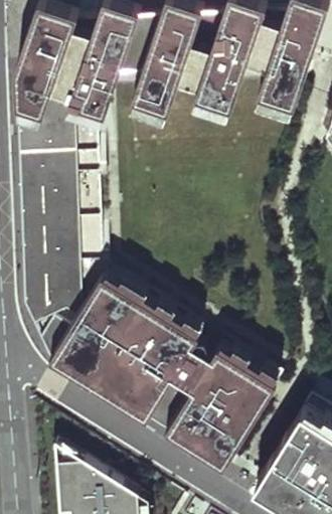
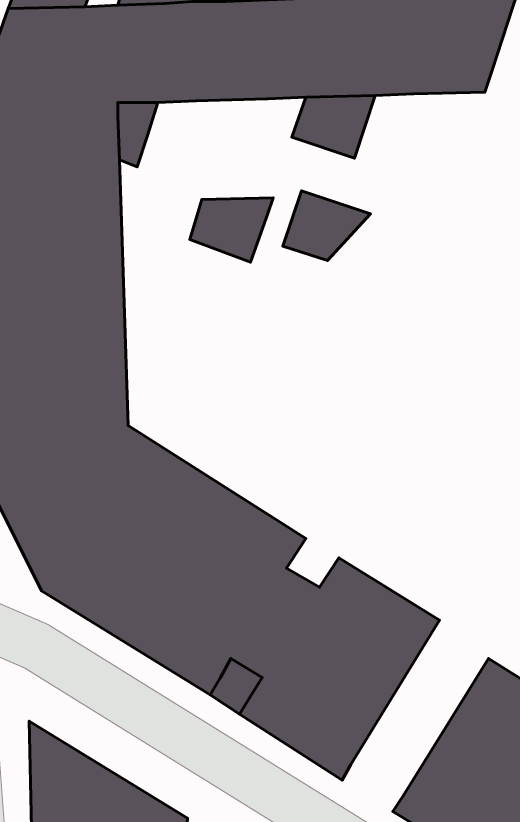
building: [259,69,308,106] -> none
building: [134,73,182,111] -> [190,198,273,262]
building: none -> [283,191,371,261]

